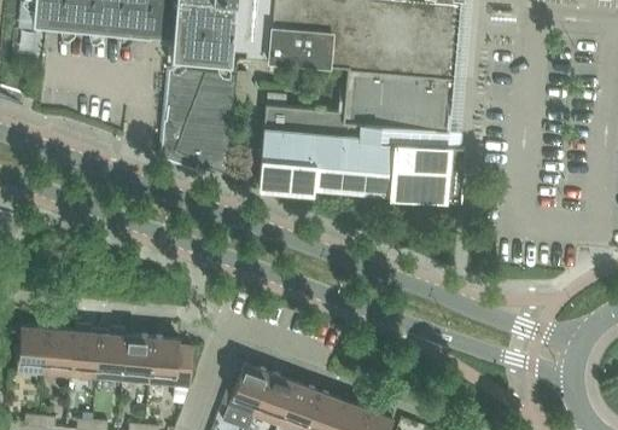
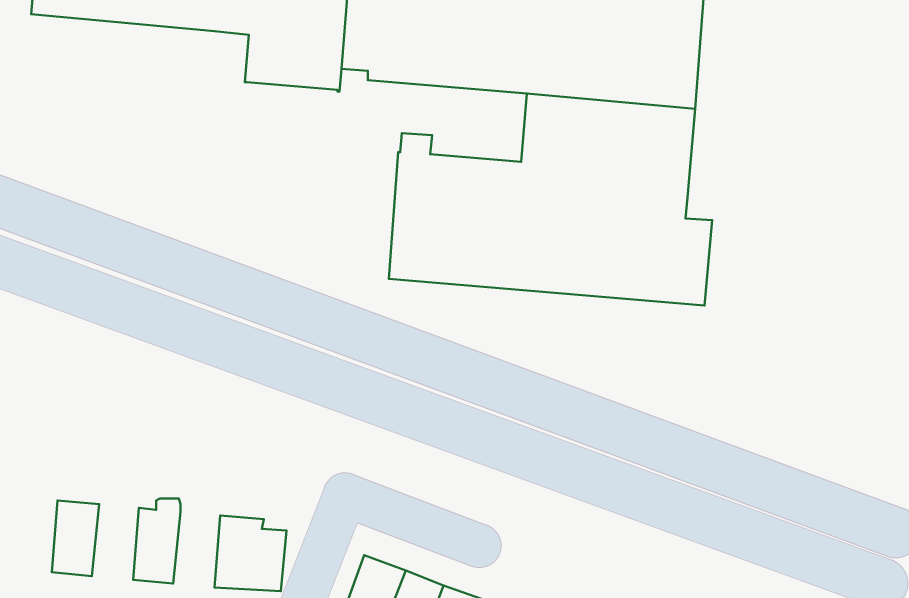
building: [174,72,235,178] -> none
building: [17,329,48,377] -> none
building: [70,333,100,382] -> none
building: [122,338,152,387] -> none

